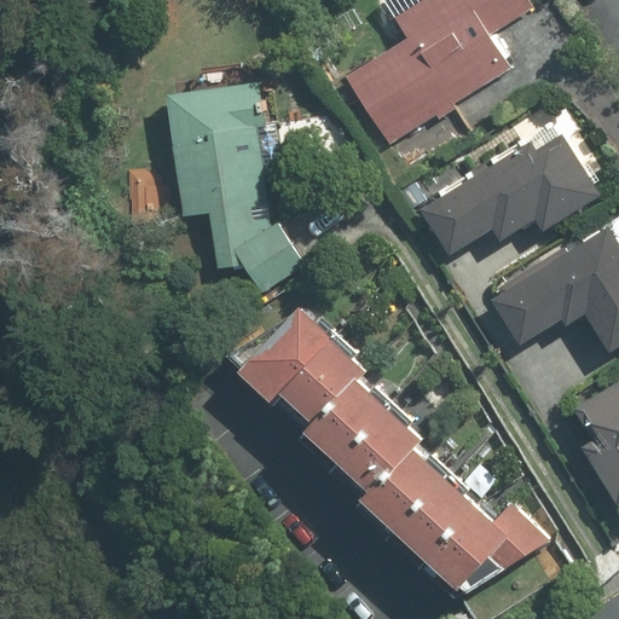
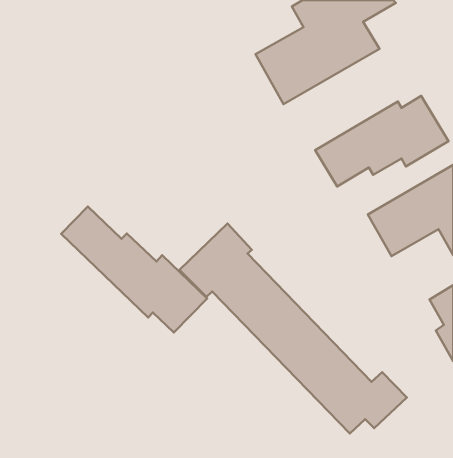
building: [166,83,300,295] -> none
building: none -> [61,207,207,333]

